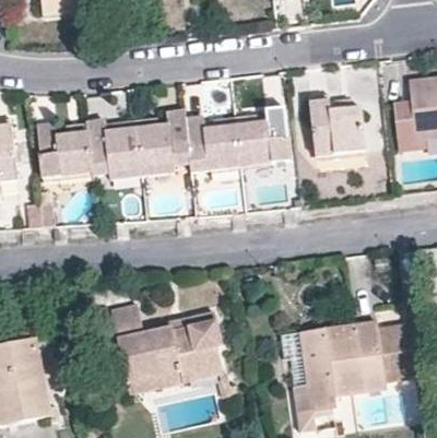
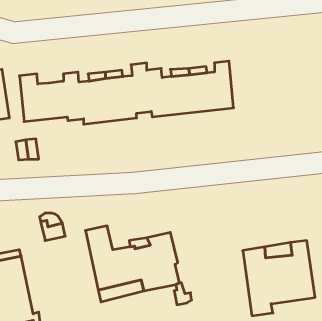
building: [308,96,364,156] -> none

